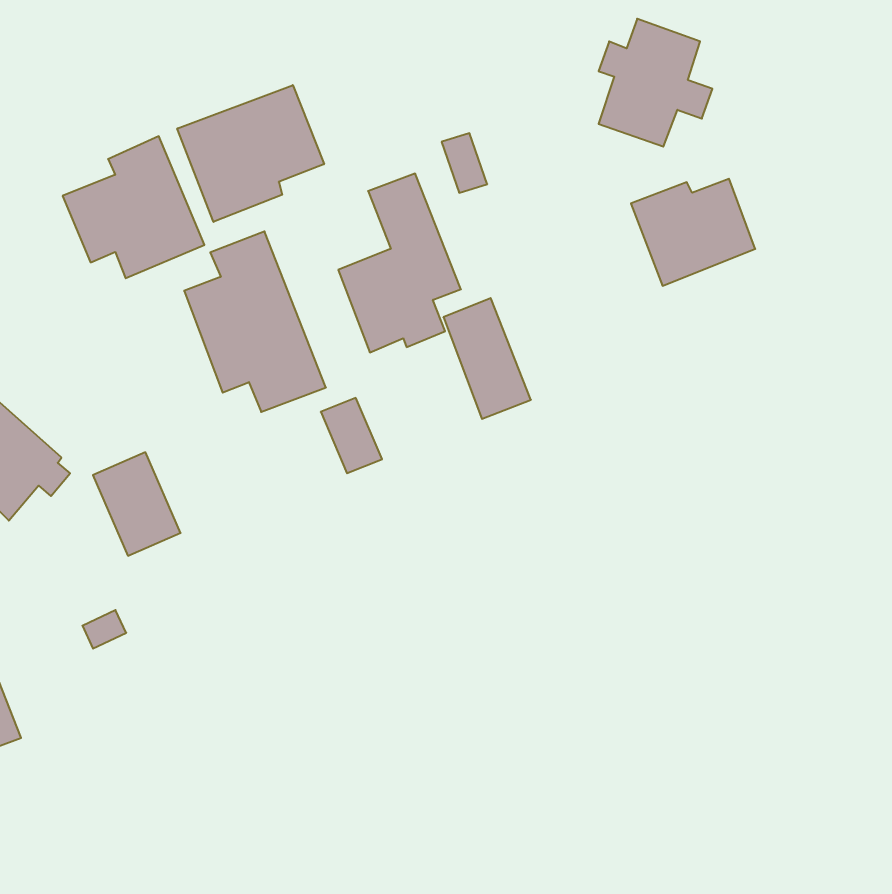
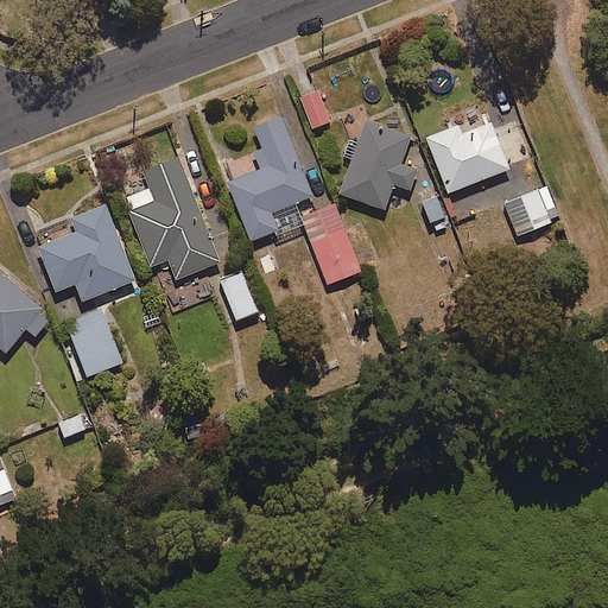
building: [599,19,712,147] -> [341,122,418,209]
building: [177,85,324,222] -> none
building: [63,136,204,278] -> [38,205,134,302]
building: none -> [504,186,555,236]

